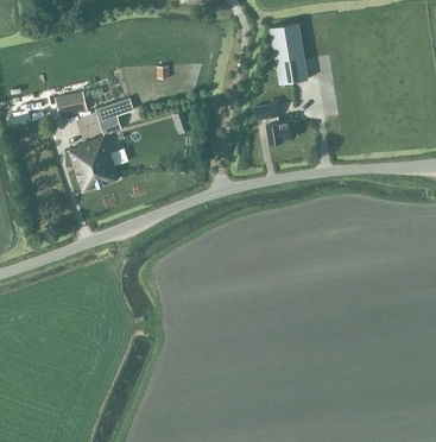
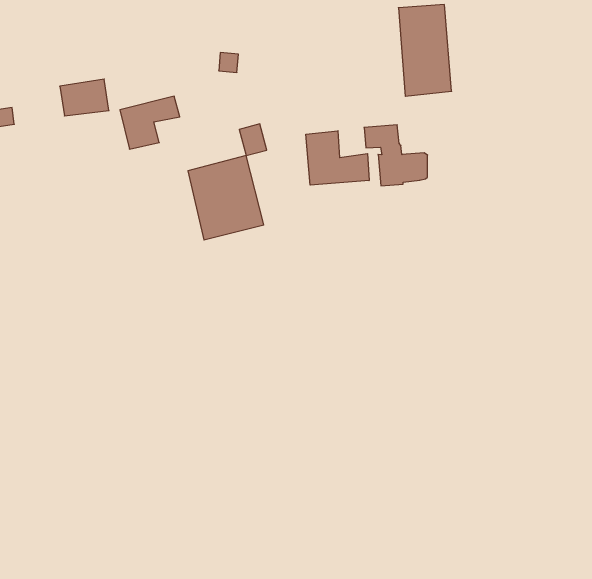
building: none -> [306,131,369,185]
building: [67,134,119,191] -> [188,156,264,240]

